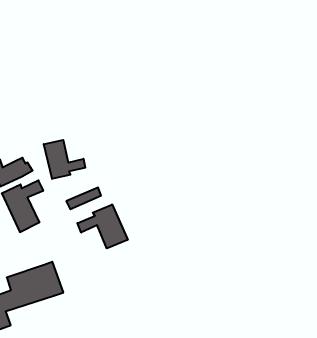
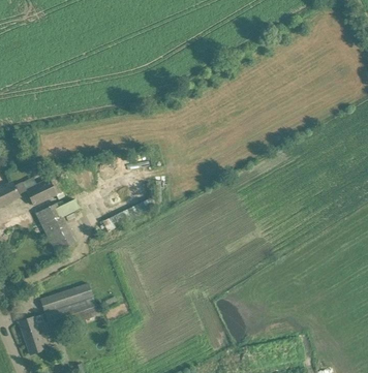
building: [44,140,85,179] -> none
building: [77,204,128,248] -> none

